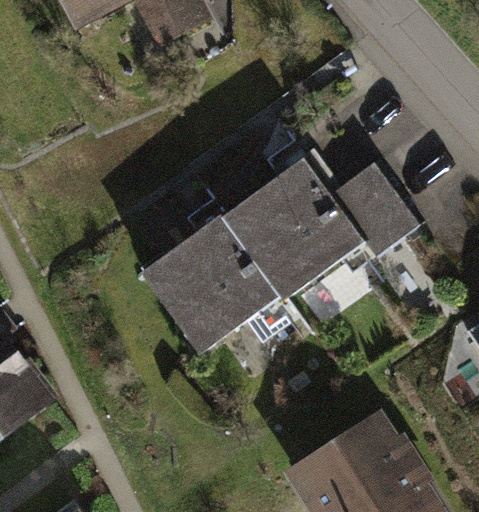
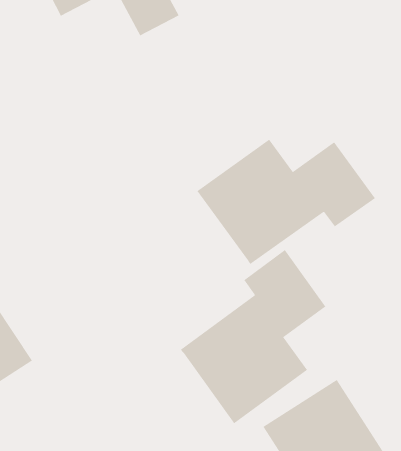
building: [142,217,279,353] -> none
building: none -> [180,249,326,424]

